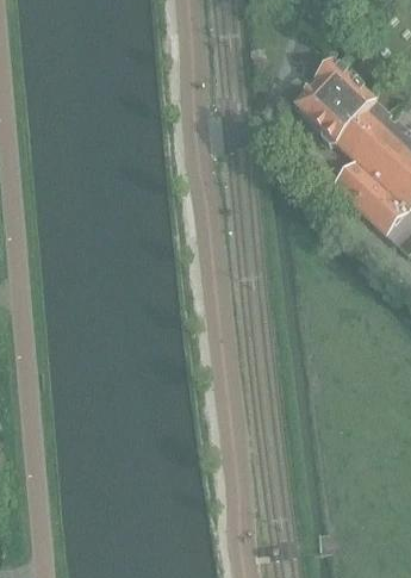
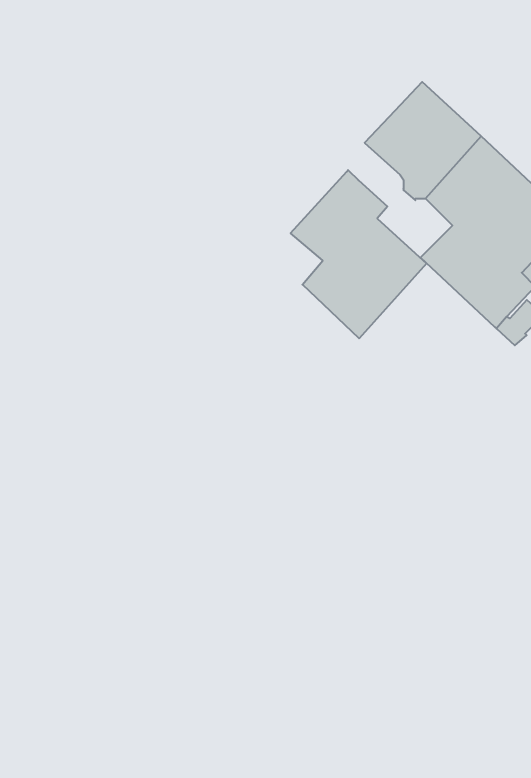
building: none -> [291,170,427,338]

